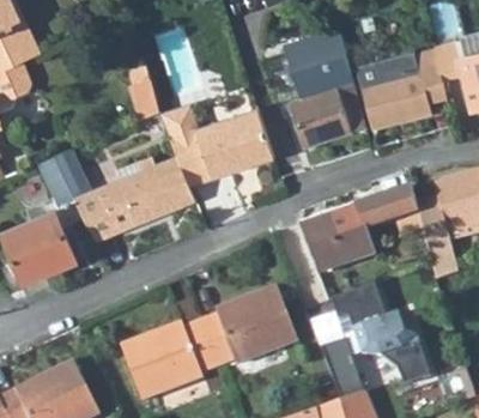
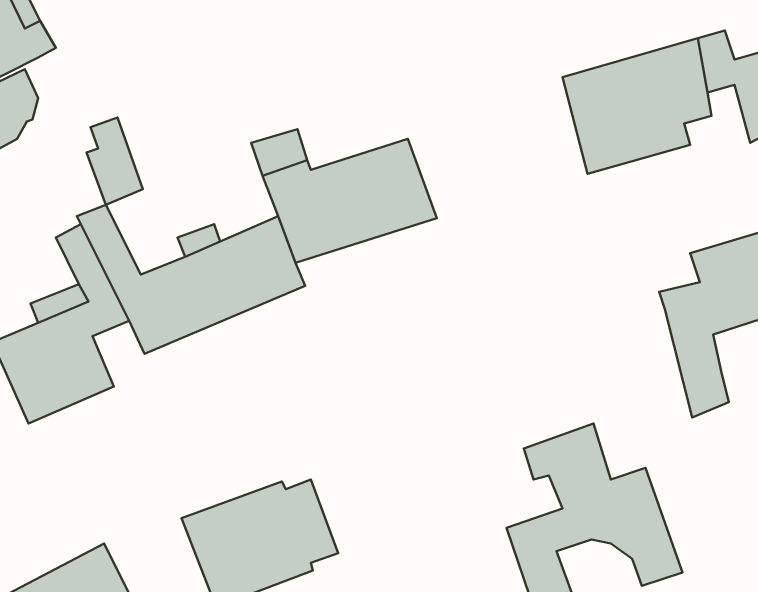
building: [285,28,368,147] -> none
building: [127,66,162,120] -> [87,118,143,205]
building: [299,187,418,272] -> none
building: [199,284,297,364] -> none

